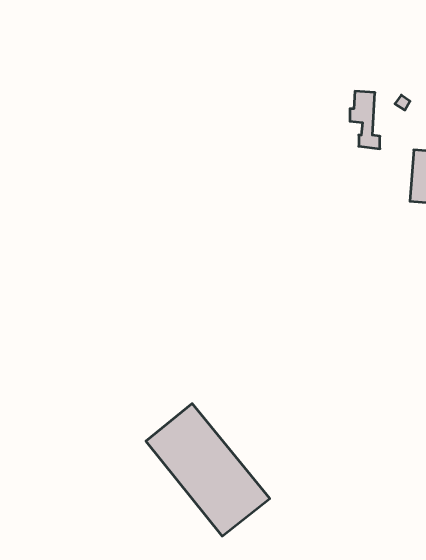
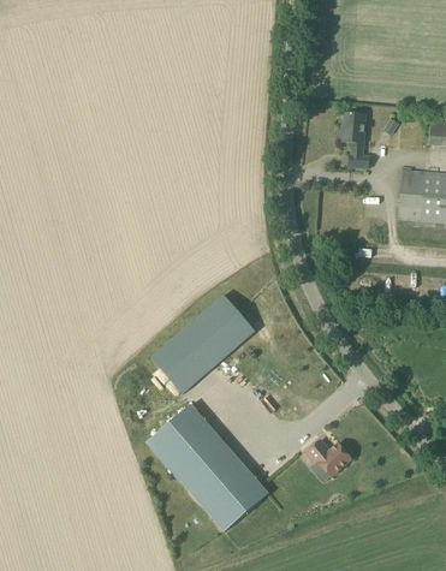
building: none -> [151,293,256,393]
building: none -> [296,444,341,480]

